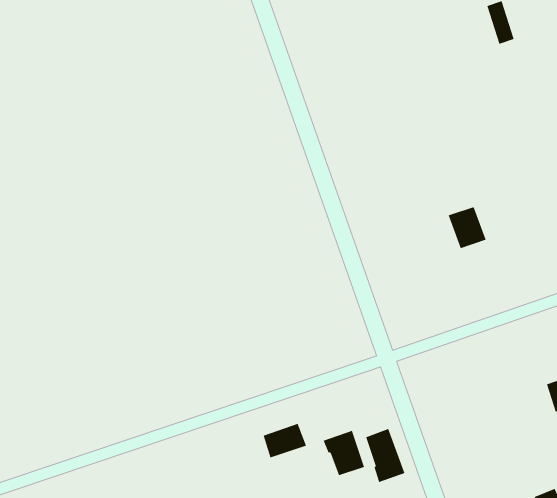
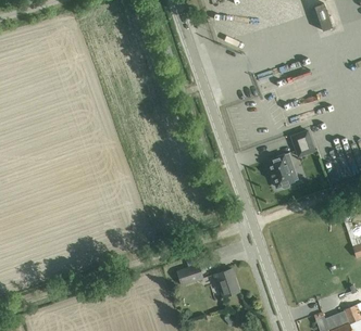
building: none -> [267,153,296,189]
building: [366,428,405,483] -> none

